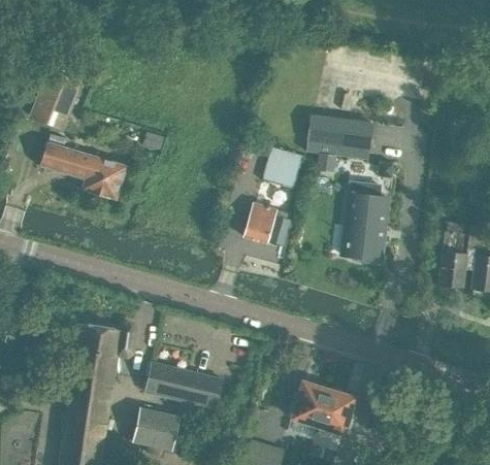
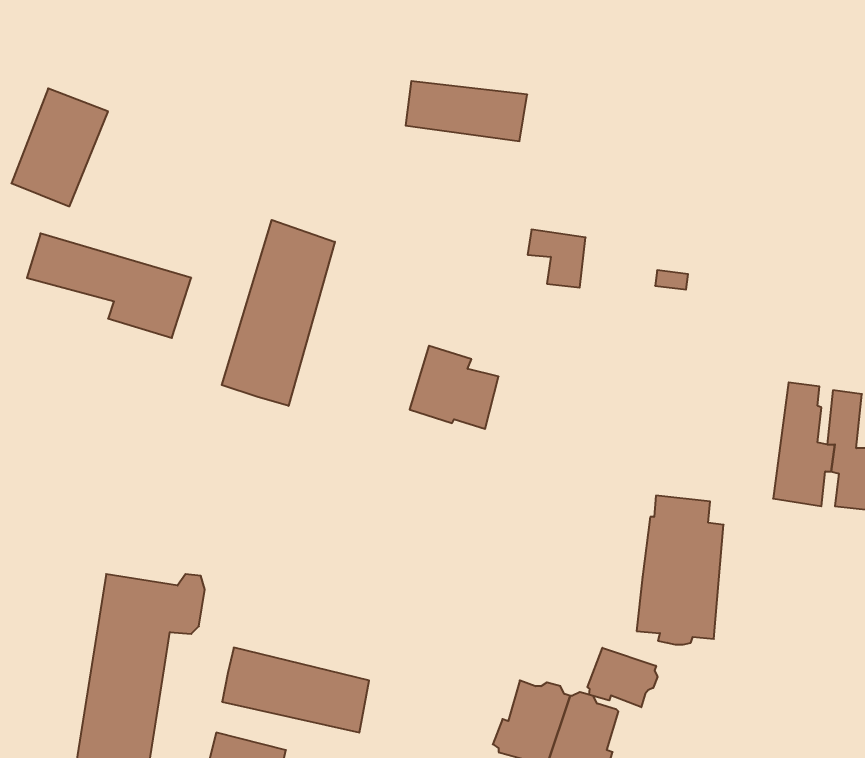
building: [308,117,373,148] -> [406,81,527,141]
building: none -> [222,220,335,406]
building: [261,147,301,189] -> none
building: [340,182,387,262] -> [637,496,724,645]
building: none -> [587,648,657,707]

